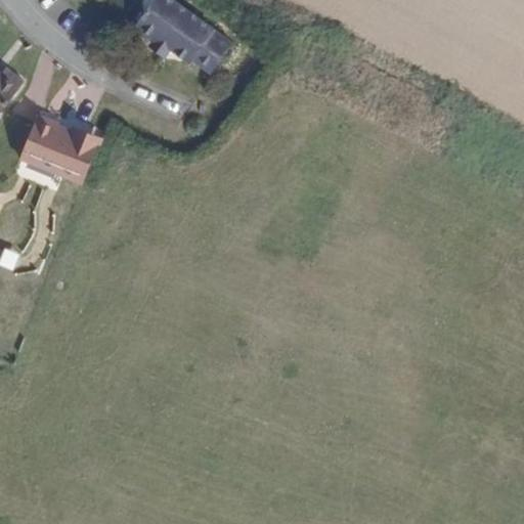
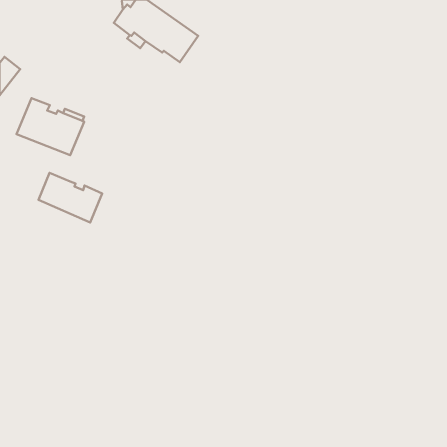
building: none -> [38,173,102,222]

